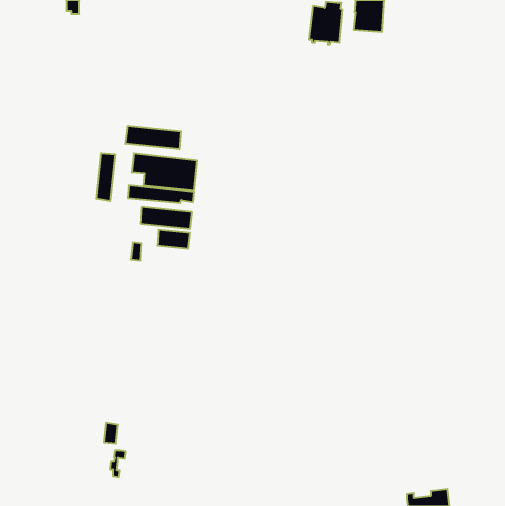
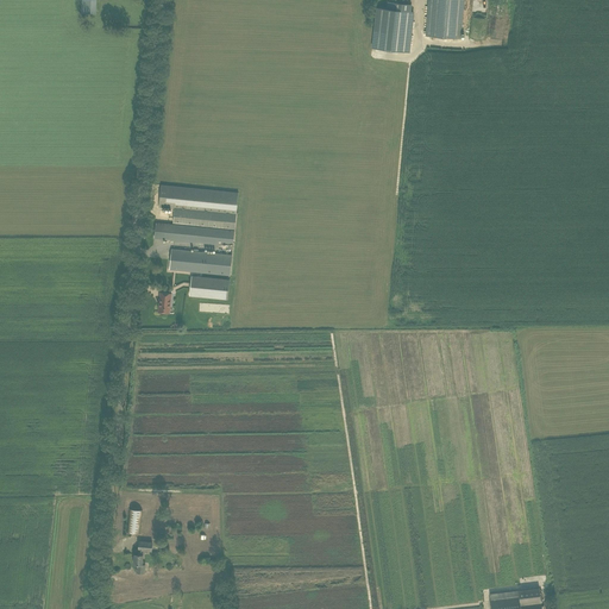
building: [125,126,181,149] -> none
building: [96,153,115,201] -> none

